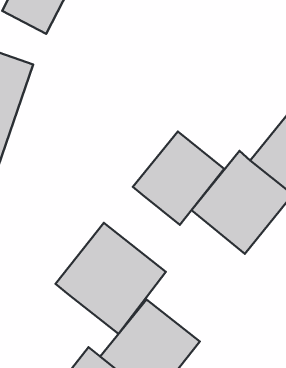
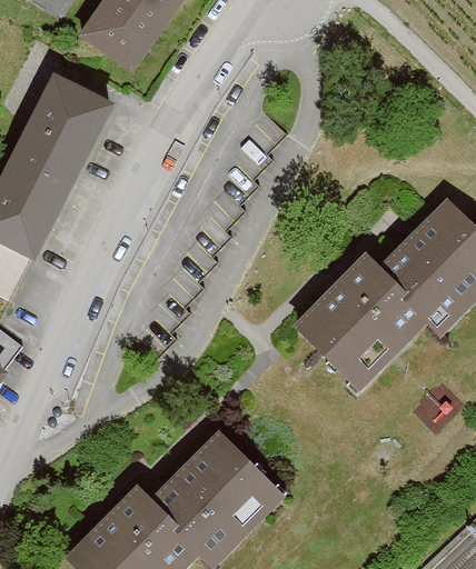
building: [133,131,224,225] -> none
building: [55,223,166,334] -> none

